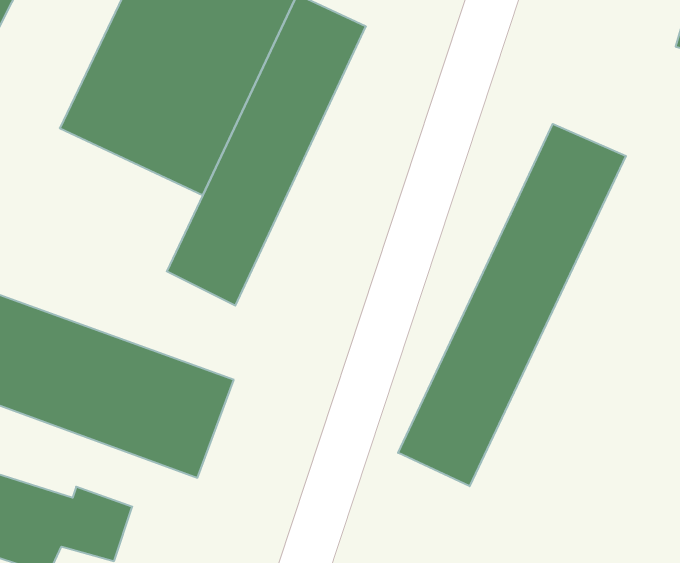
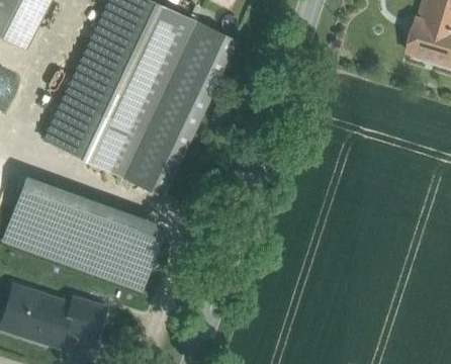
building: [398,124,626,486] -> none
building: none -> [43,96,144,176]

